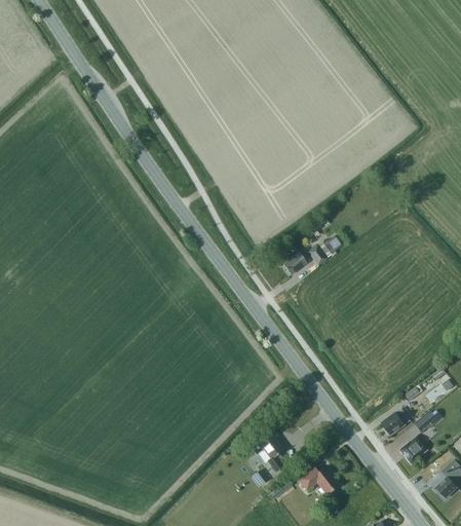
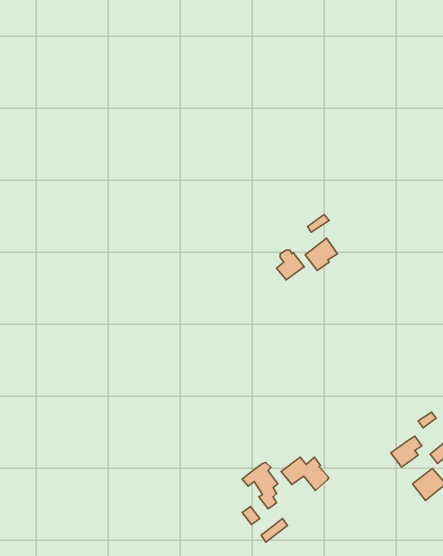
building: [298,466,339,495] -> [281,457,329,491]

